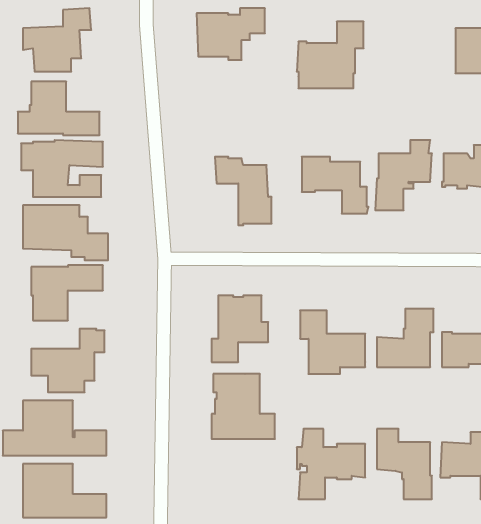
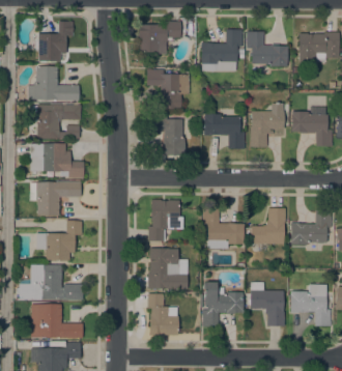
building: none -> [247,31,288,65]
building: none -> [147,68,189,109]
building: none -> [148,293,178,335]

